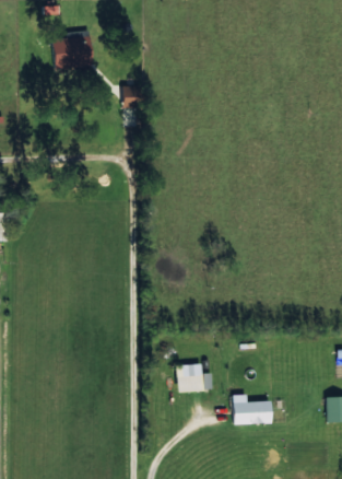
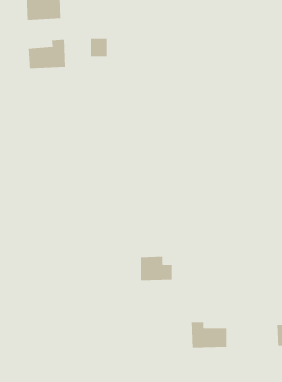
building: none -> [28,39,66,69]
building: [177,364,212,392] -> [140,256,172,281]

